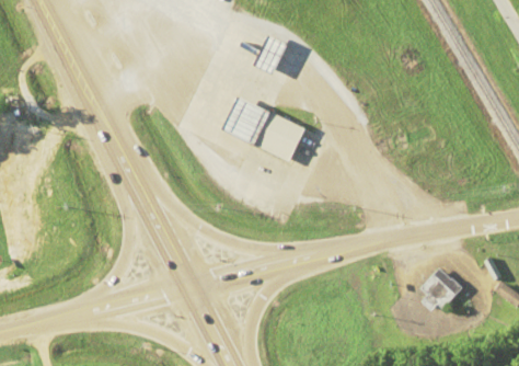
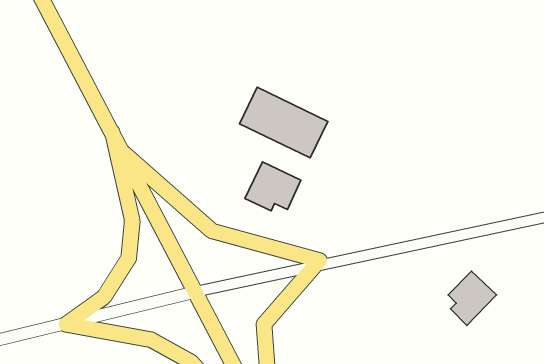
building: none -> [245,162,301,211]

